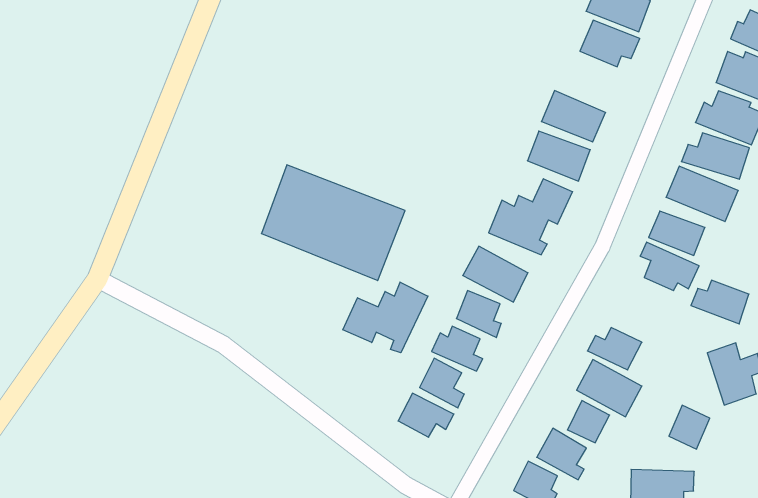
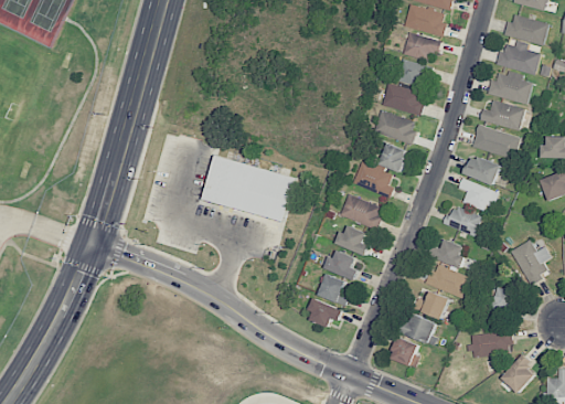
building: none -> [397,61,431,85]
building: [691,280,749,324] -> [441,208,480,235]
building: [343,282,428,353] -> none

